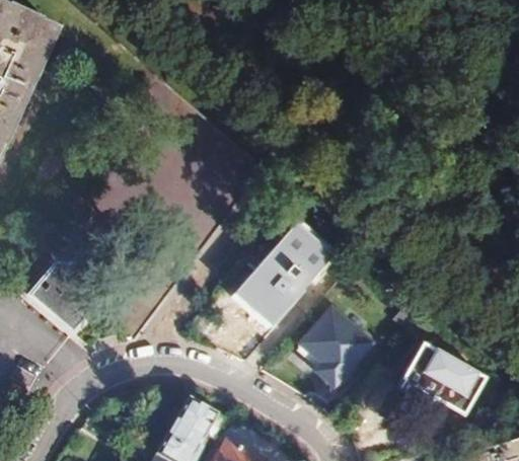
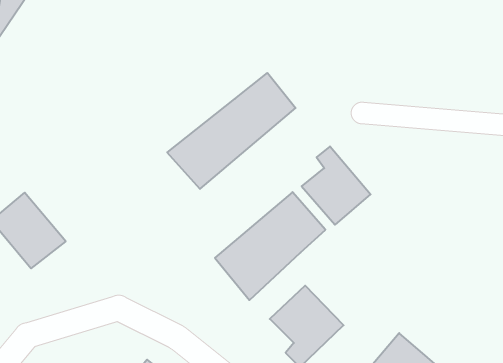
building: none -> [167,73,296,189]
building: none -> [302,146,371,225]

